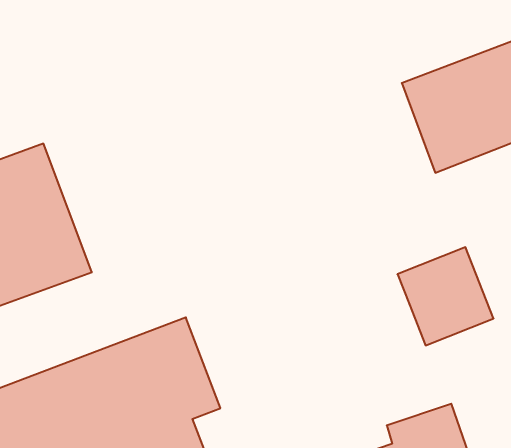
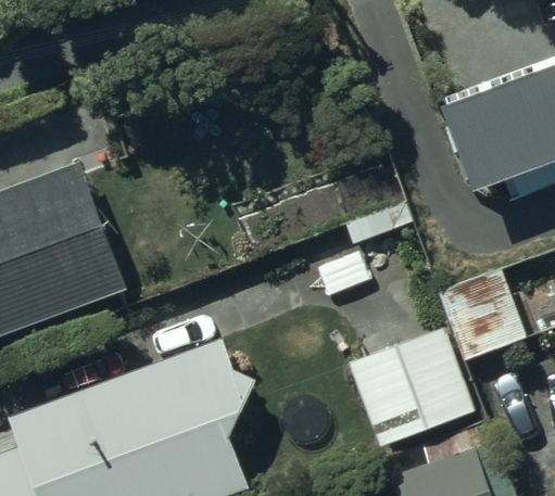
building: none -> [346,325,479,448]

